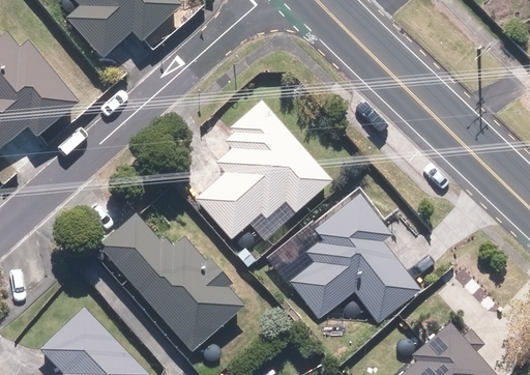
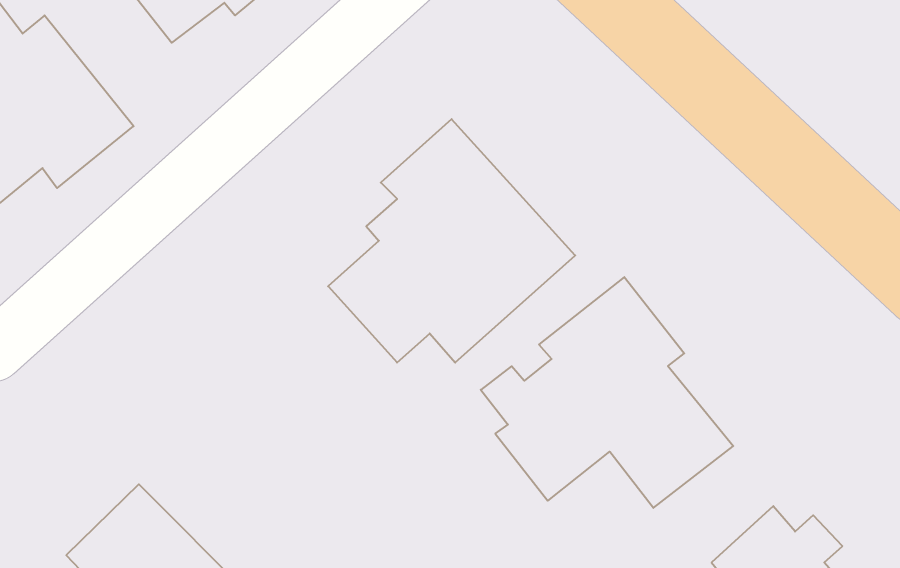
building: [100,214,244,352] -> none

